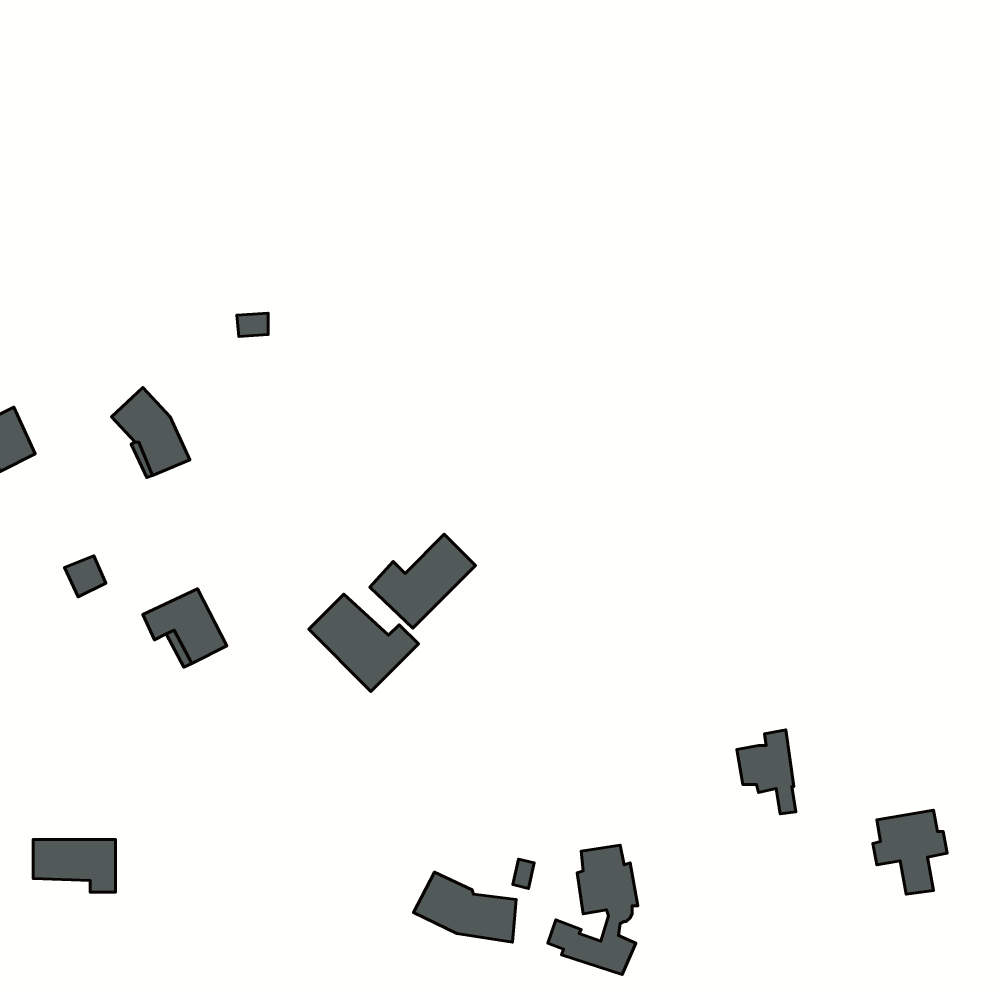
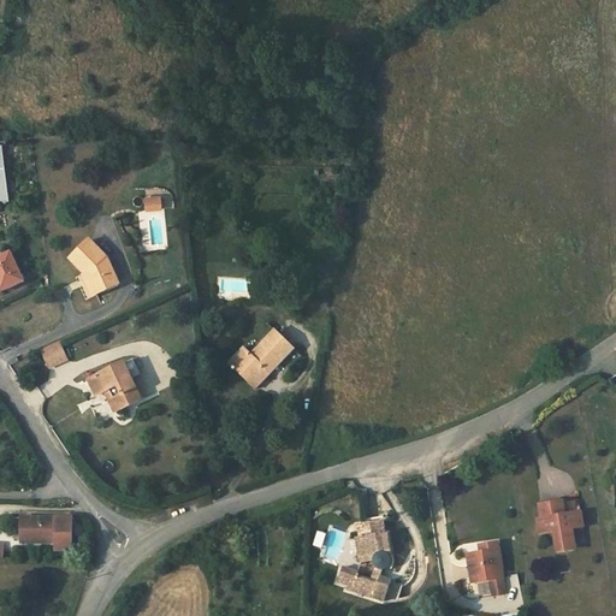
building: [309,594,418,691] -> none
building: [737,730,796,814] -> [467,541,503,593]
building: [413,872,516,942] -> none

